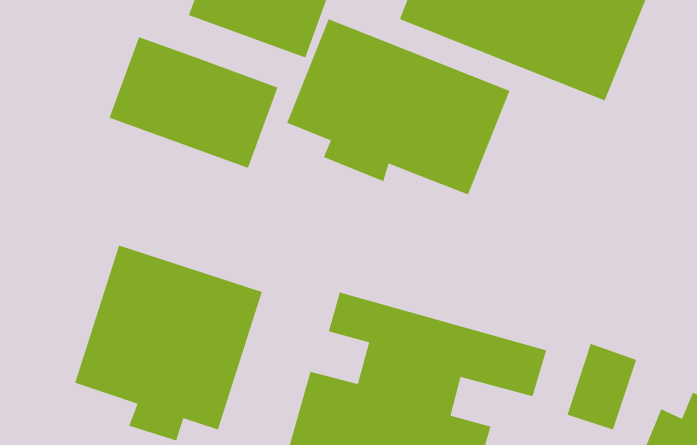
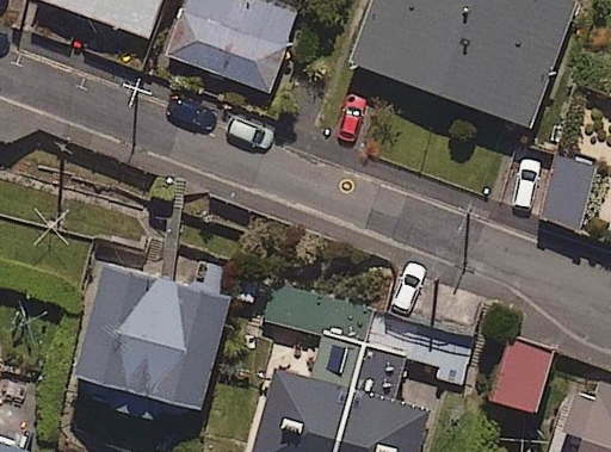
building: [286,18,510,195] -> none
building: [109,36,278,169] -> none

